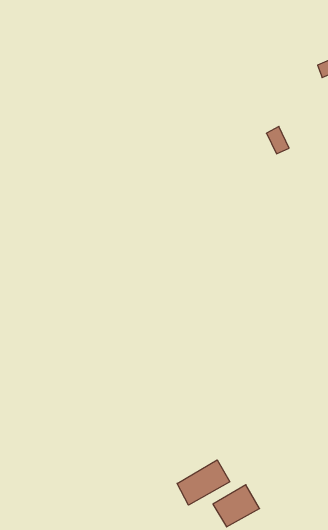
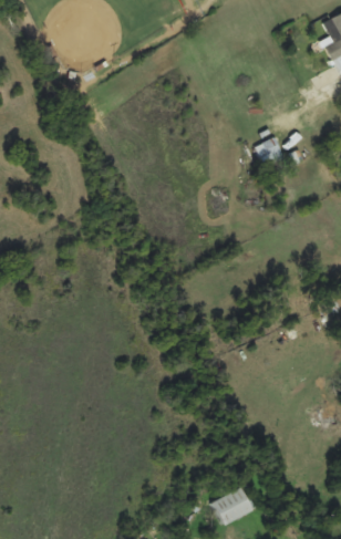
building: [177,460,230,505] -> none

